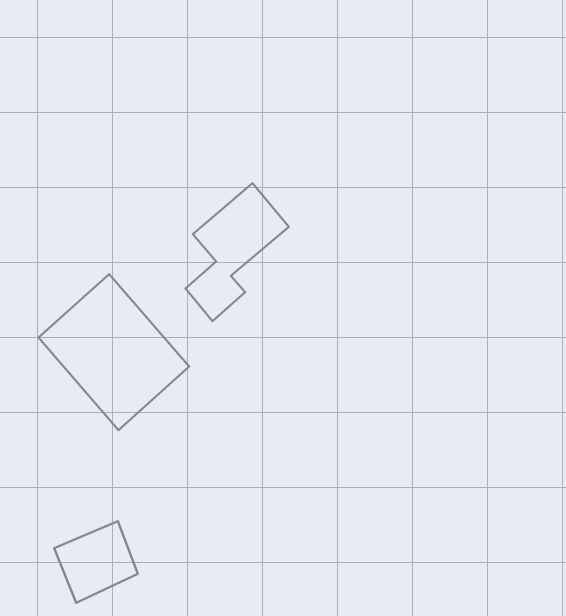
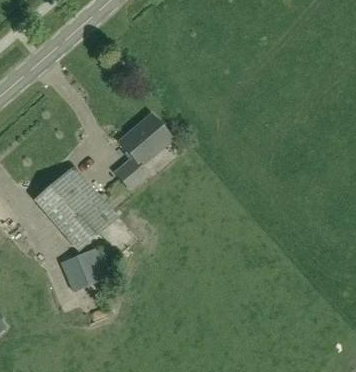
building: [54,521,138,603] -> [60,247,106,292]

